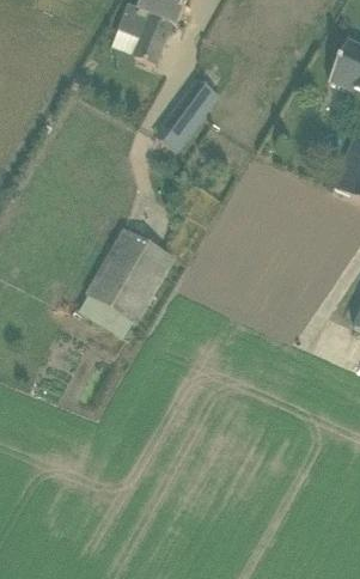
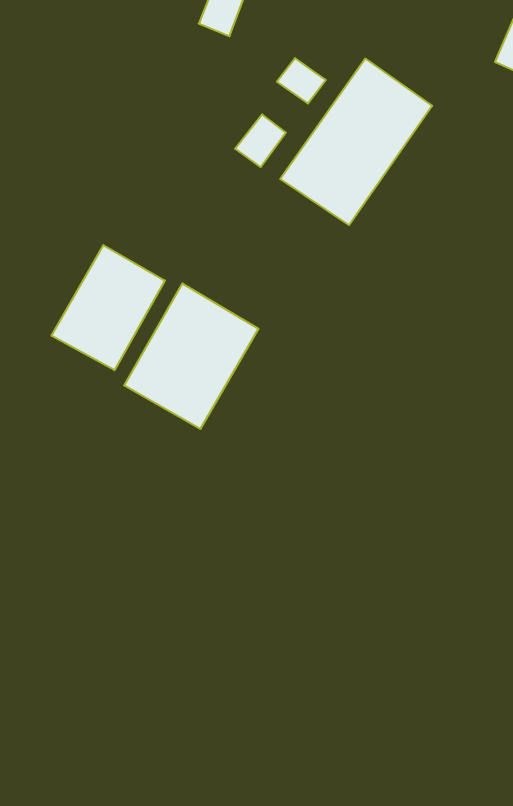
building: none -> [280,59,432,225]
building: none -> [52,245,165,370]

